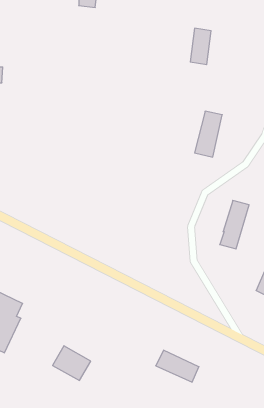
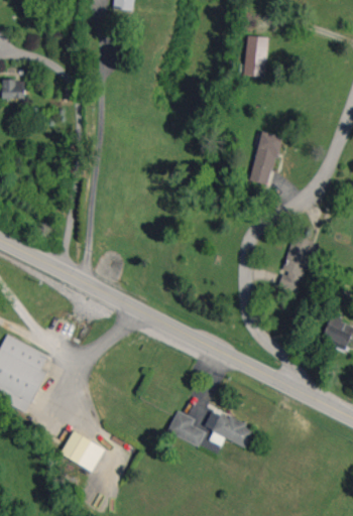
building: [53,346,91,380] -> [61,431,105,472]
building: none -> [167,411,206,446]

